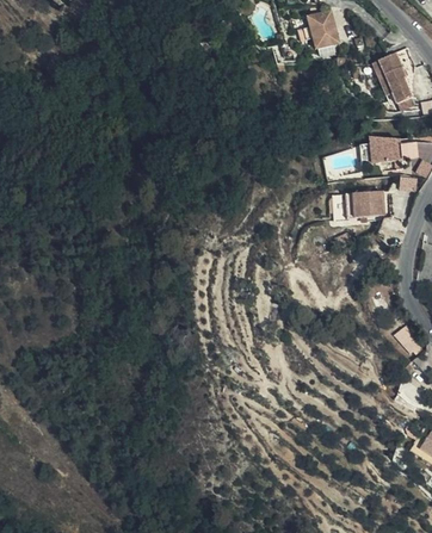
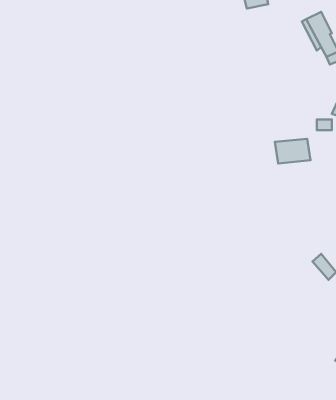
building: [363,140,407,166] -> none

